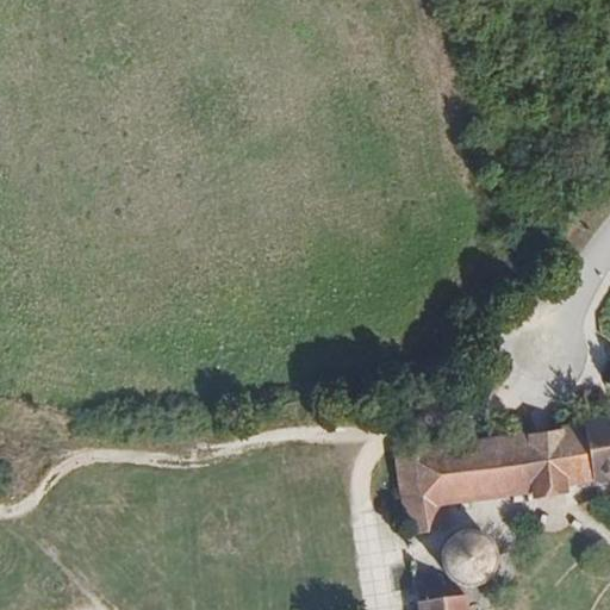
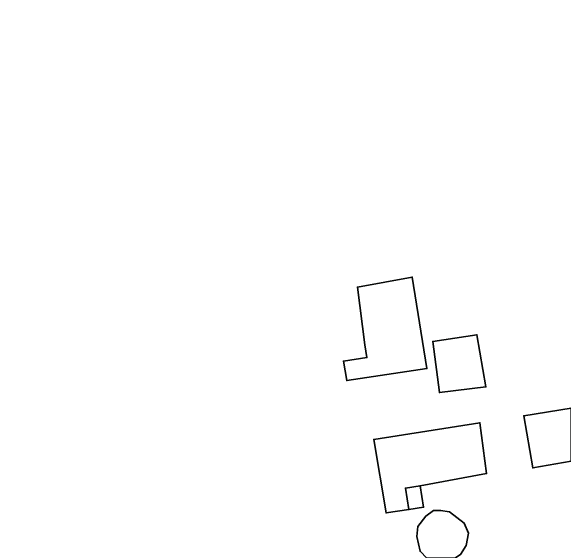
building: none -> [344,277,427,381]
building: [508,440,564,500] -> [433,335,486,392]

